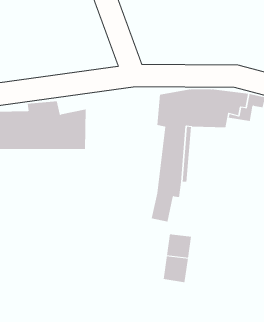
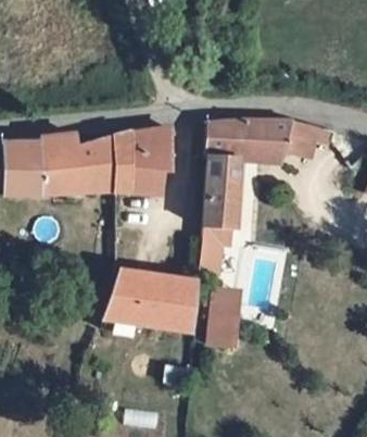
building: none -> [116,129,169,189]
building: none -> [105,269,198,335]

